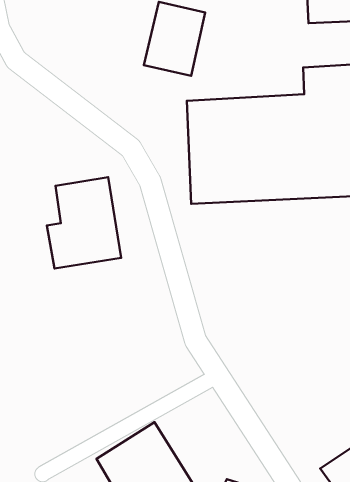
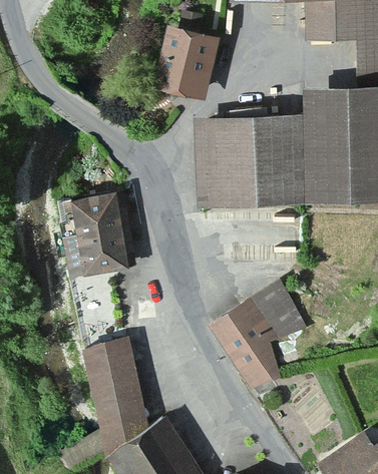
building: none -> [213,281,304,387]
building: none -> [82,338,142,431]

